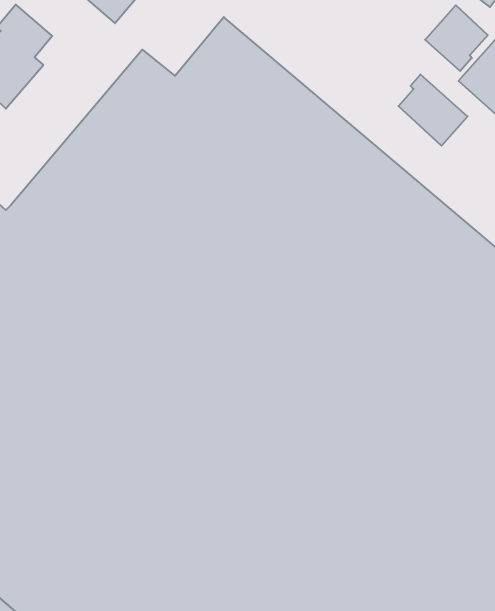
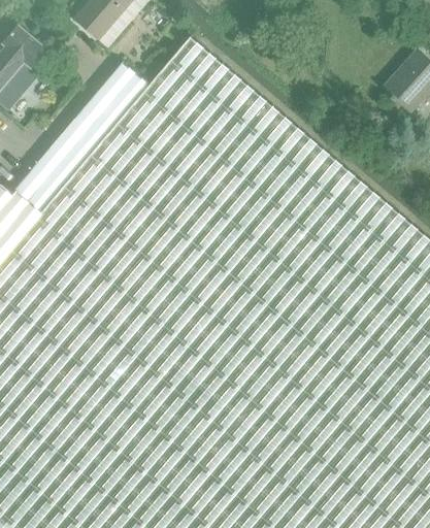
building: [425,5,488,71] -> none
building: [398,74,468,146] -> none

